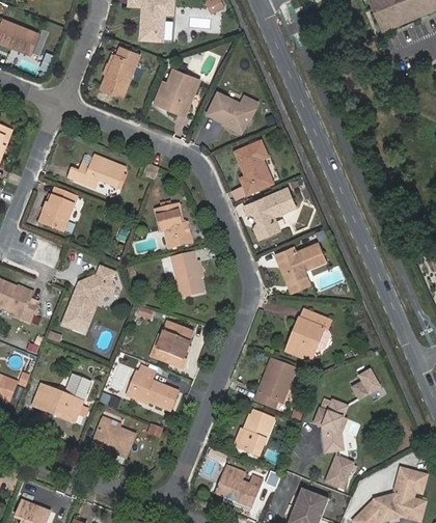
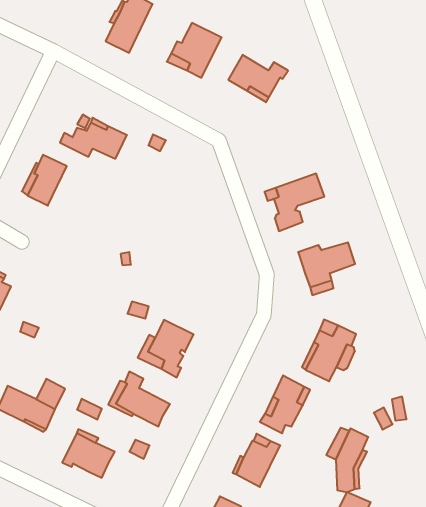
building: [235,138,271,192] -> none
building: [156,203,191,247] -> none
building: [171,251,202,296] -> none
building: [62,266,115,332] -> none

